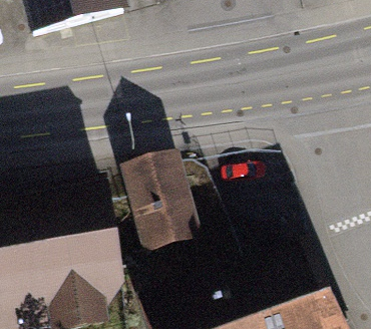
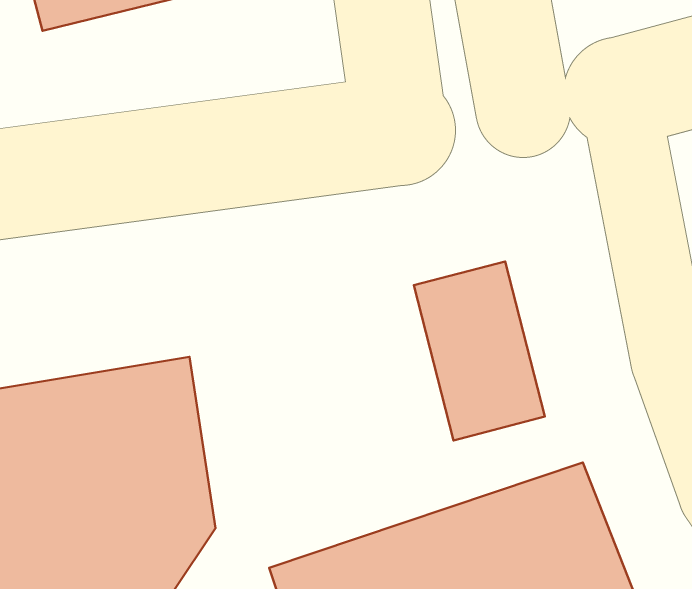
building: [129,159,196,250] -> [414,261,545,440]

